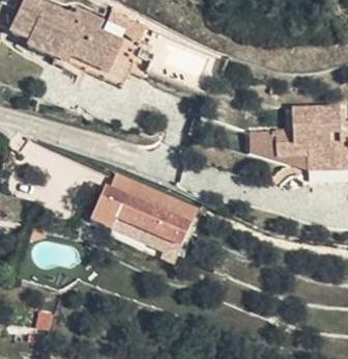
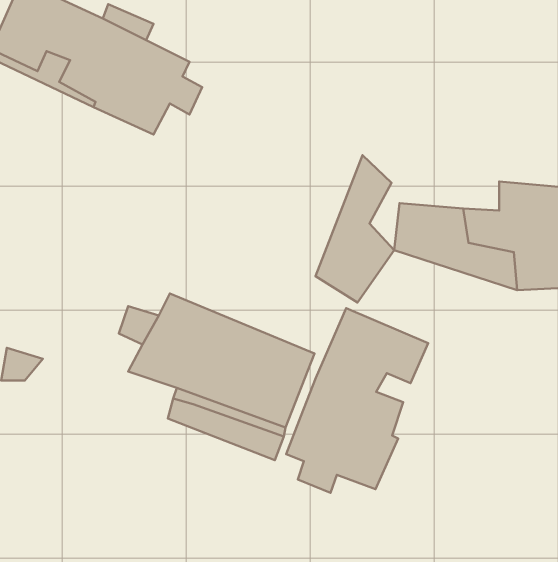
building: none -> [315,155,394,303]
building: none -> [286,308,428,493]

